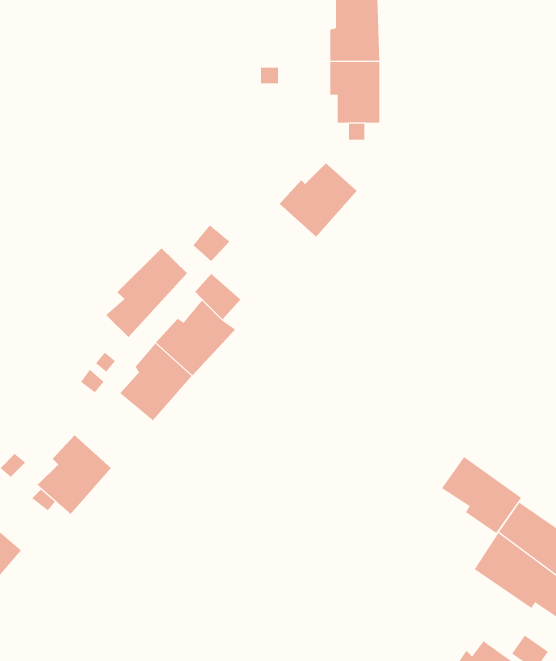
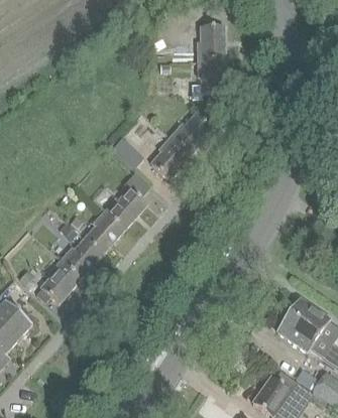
building: none -> [151,135,191,178]
building: [105,247,188,338] -> none
building: none -> [61,237,103,277]
building: [441,456,522,534] -> none

